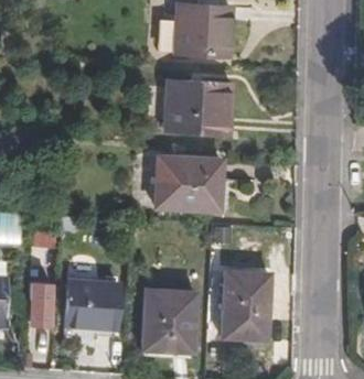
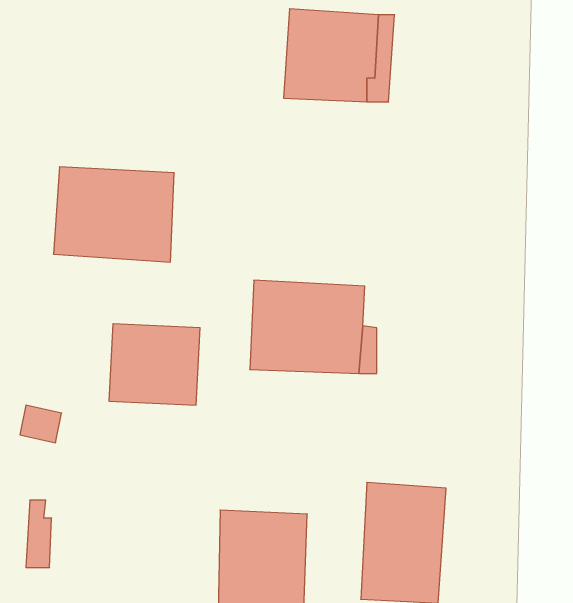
building: [167,86,234,139] -> [53,167,174,262]
building: [65,279,116,324] -> [109,324,200,405]

